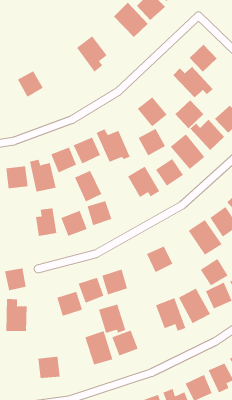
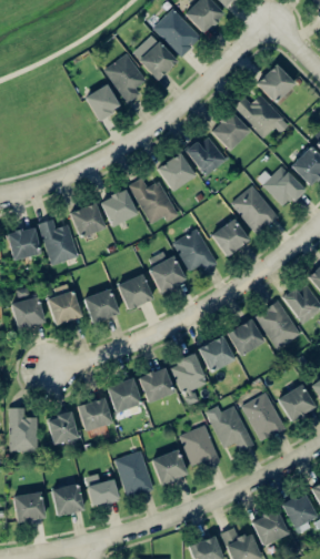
building: none -> [133,34,178,80]
building: [17,70,44,98] -> [86,84,121,121]
building: [175,99,204,129] -> [211,111,251,151]
building: [138,128,166,156] -> [158,153,196,191]
building: [74,170,102,202] -> [147,250,184,293]
building: none -> [11,296,46,331]
building: [200,258,229,286] -> [227,318,266,356]
building: none -> [170,354,208,394]
building: [4,268,26,291] -> [48,413,78,444]
building: [98,304,126,334] -> [181,426,219,466]
building: none -> [86,474,120,507]
building: none -> [14,492,46,522]

